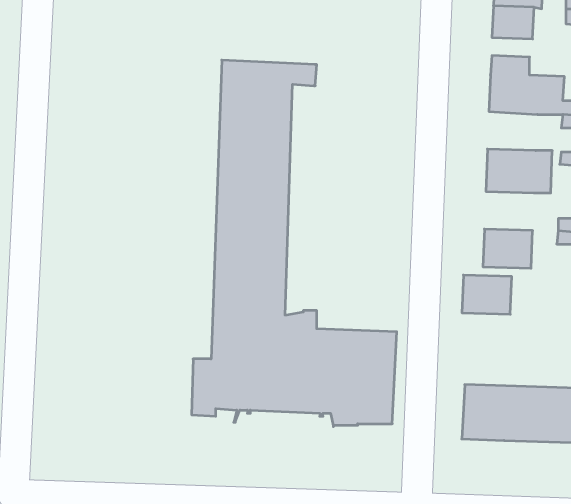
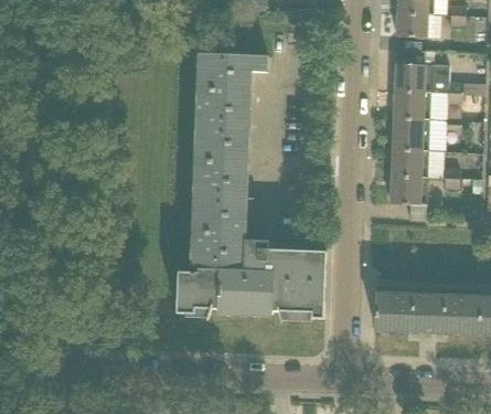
building: none -> [393,89,429,118]
building: [462,275,512,314] -> [391,148,427,177]

